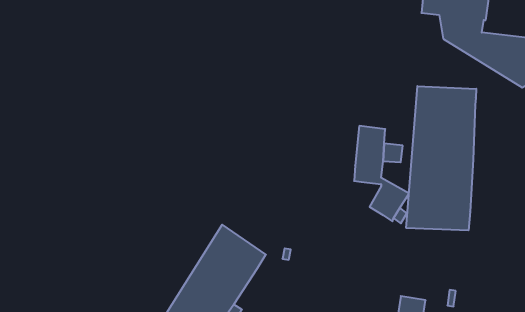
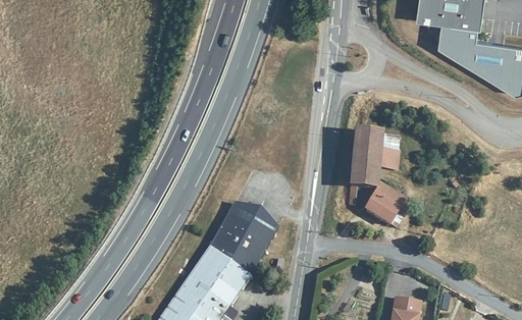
building: [406,86,476,230] -> none
building: none -> [220,204,278,257]

